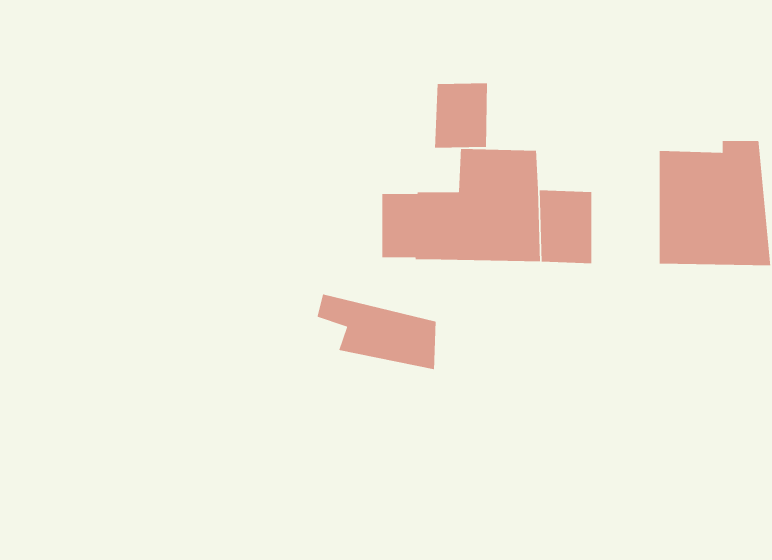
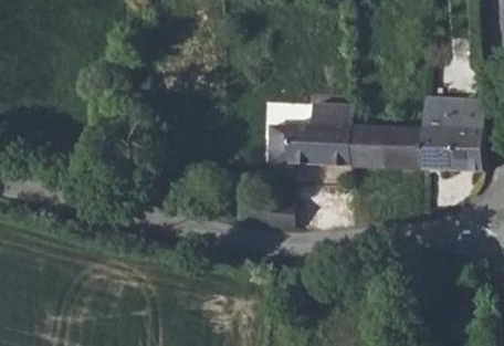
building: [434,82,488,149] -> none
building: none -> [382,126,420,167]

